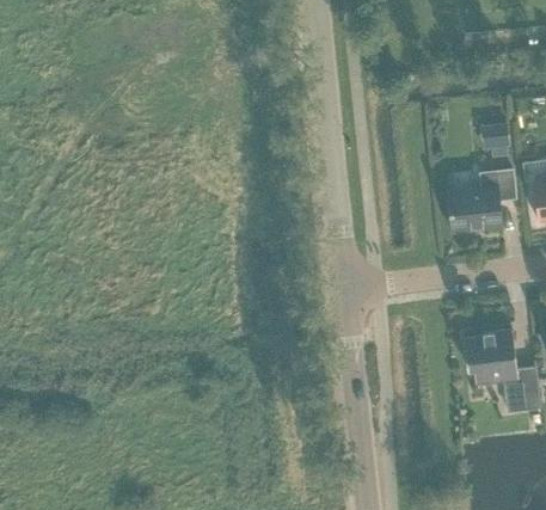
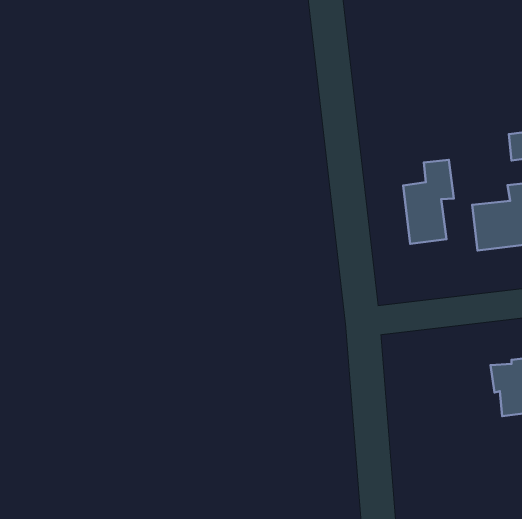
building: none -> [403,160,454,244]

